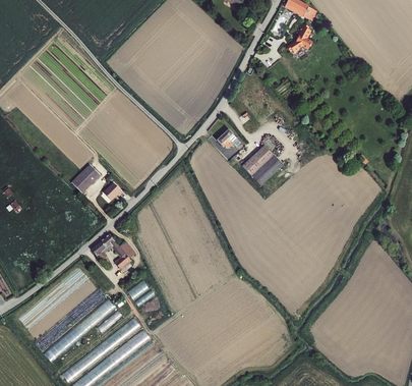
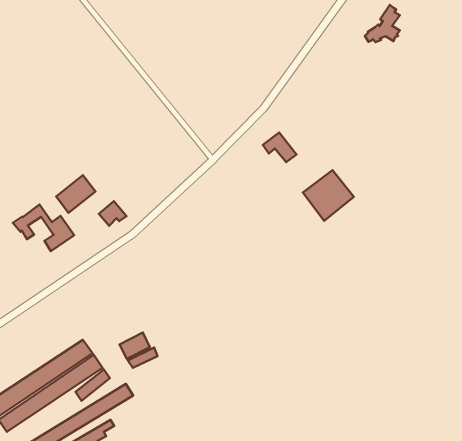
building: [91,235,136,269] -> [13,204,74,251]

